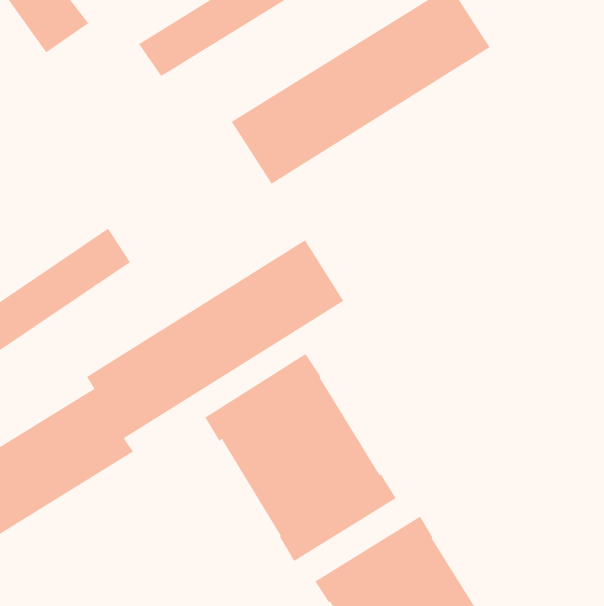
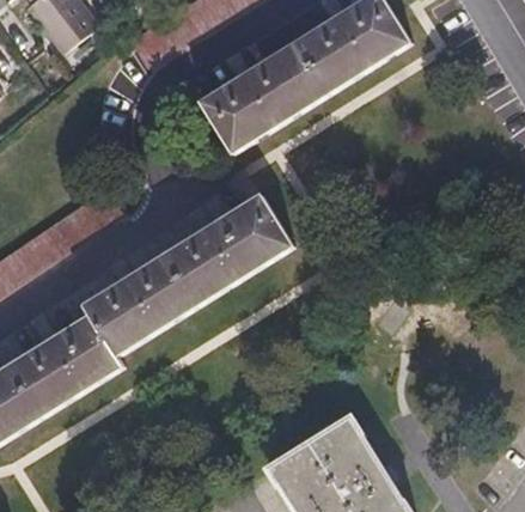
building: [205,353,397,562] -> none

